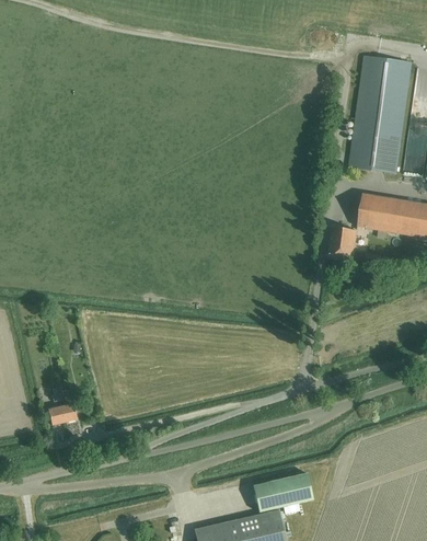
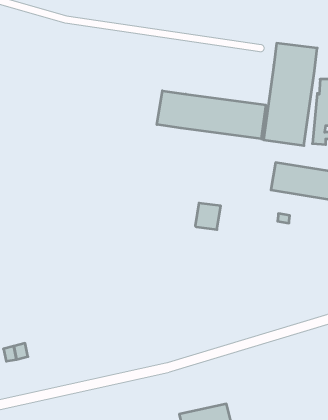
building: none -> [157,91,266,139]
building: [327,227,357,257] -> [195,203,221,230]

